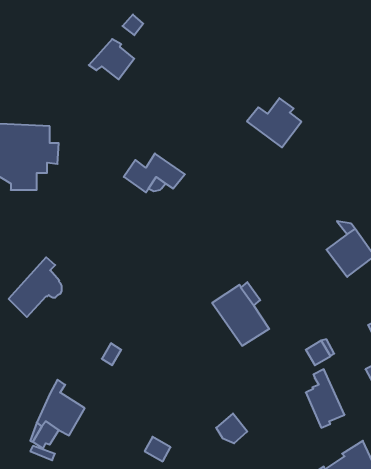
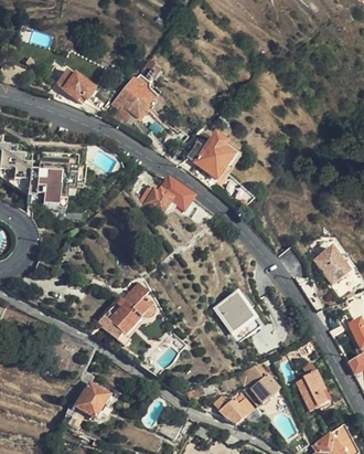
building: none -> [55,68,93,97]
building: [247,98,301,147] -> [185,136,232,178]
building: [9,257,62,317] -> [109,284,154,335]
building: none -> [248,369,278,403]

